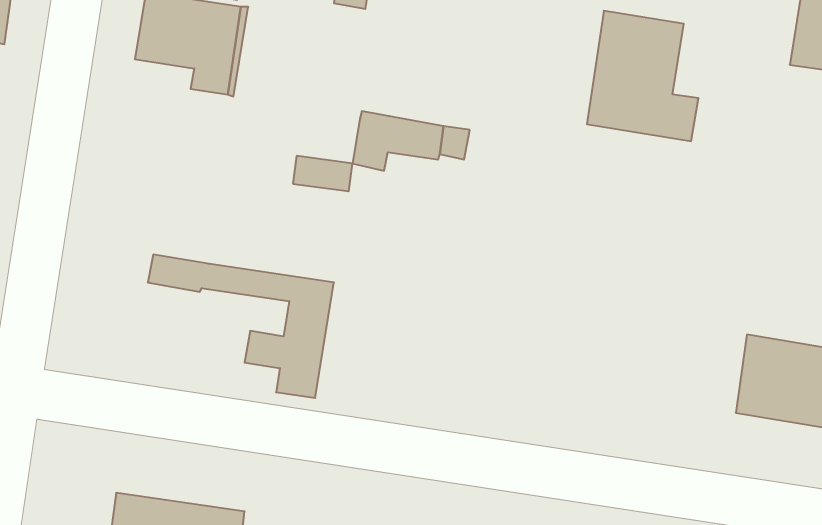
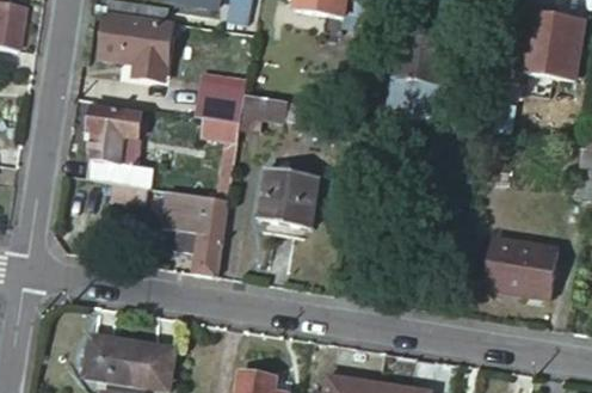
building: none -> [196,88,245,124]
building: none -> [86,105,152,189]
building: none -> [258,167,317,234]

